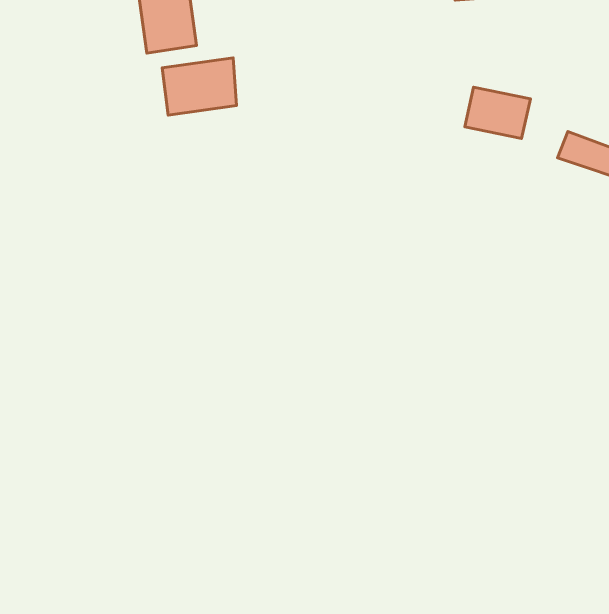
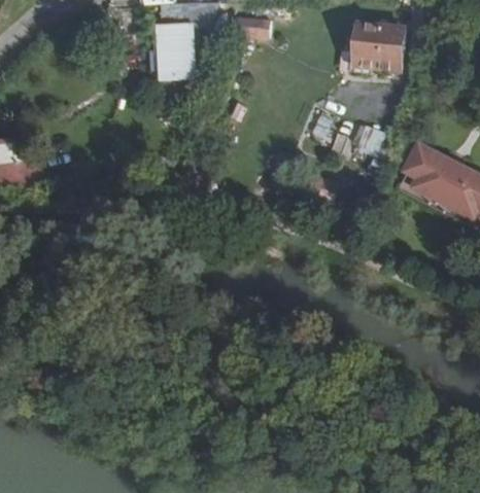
building: [162,58,236,115] -> none

